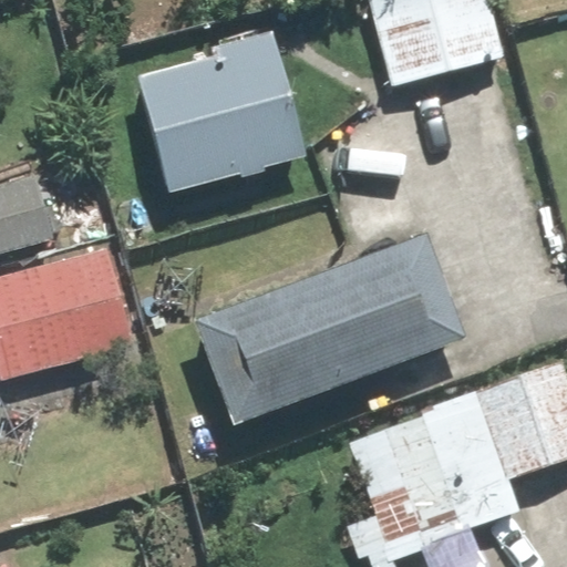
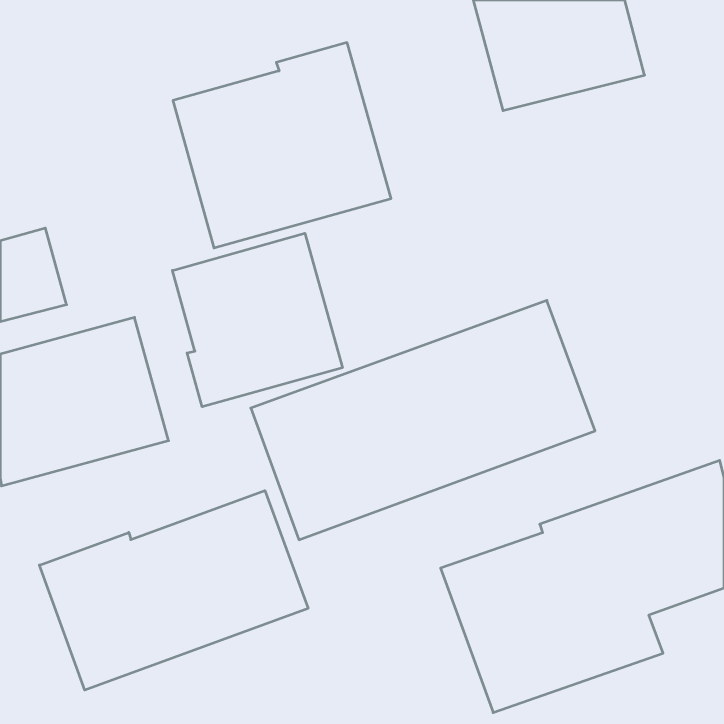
building: none -> [172,233,342,407]
building: none -> [39,491,308,690]

